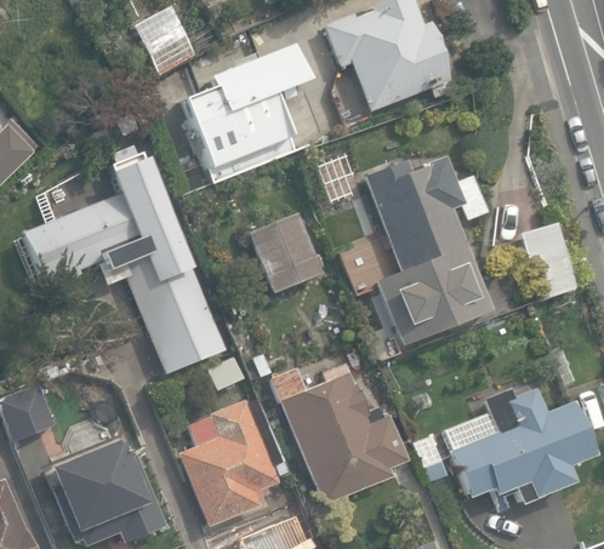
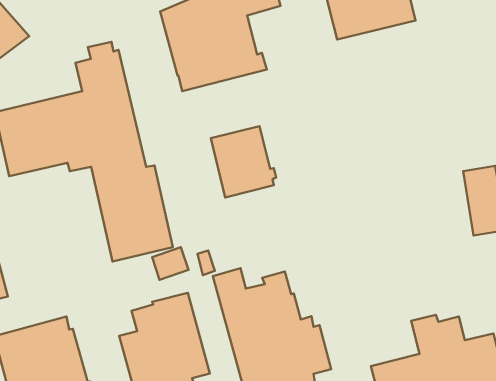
building: [364,158,492,344] -> none

